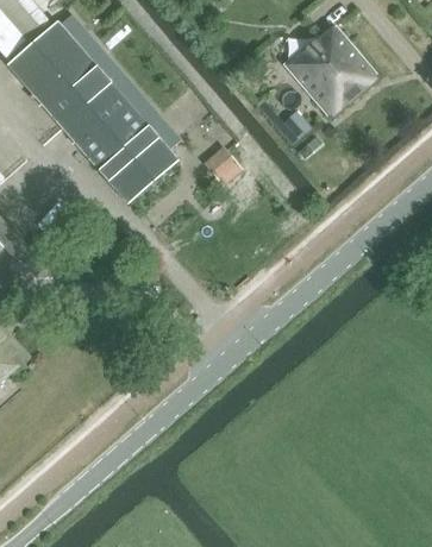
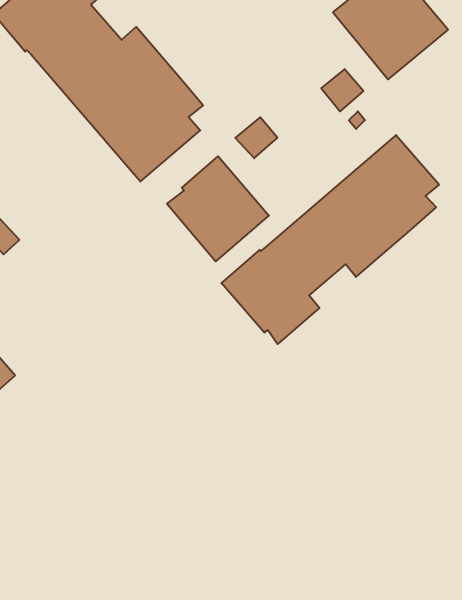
building: none -> [221,135,439,344]
building: none -> [167,156,269,261]

